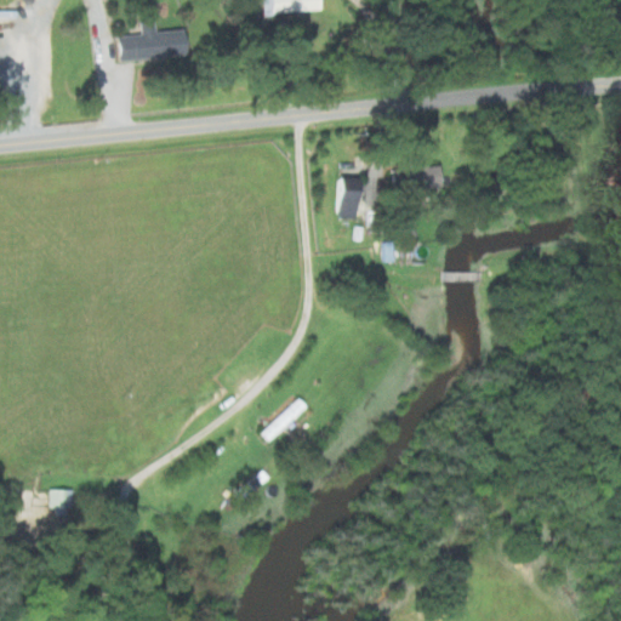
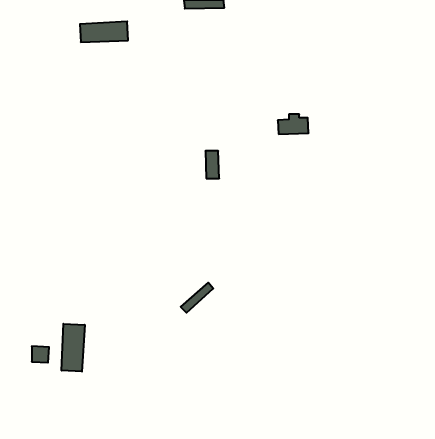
building: [338,177,358,216] -> [205,151,219,178]
building: none -> [62,324,85,372]

